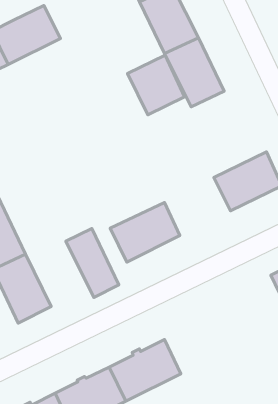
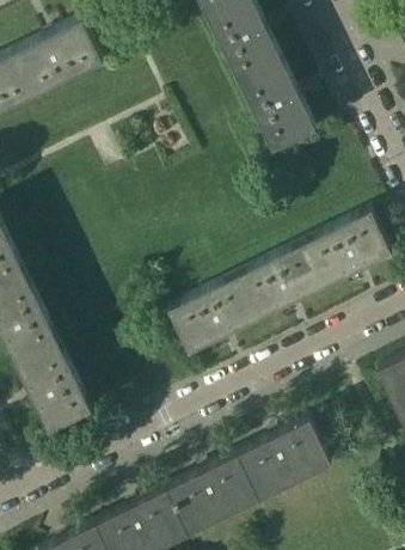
building: [127,55,185,115] -> none
building: none -> [238,243,324,318]
building: [66,229,119,298] -> none
building: none -> [238,418,331,497]

